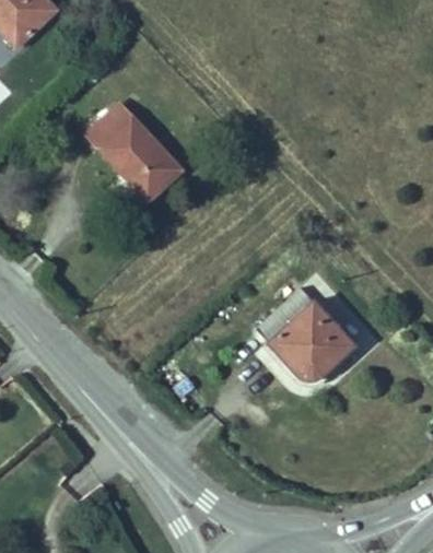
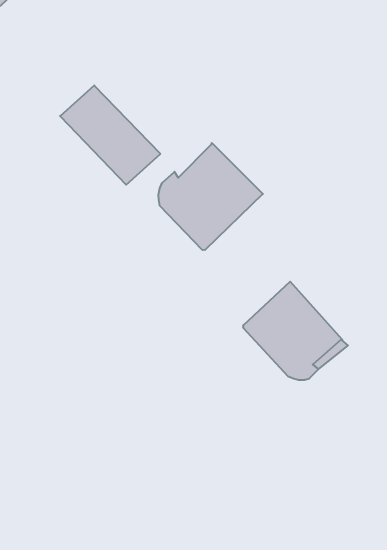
building: none -> [158,143,263,250]

